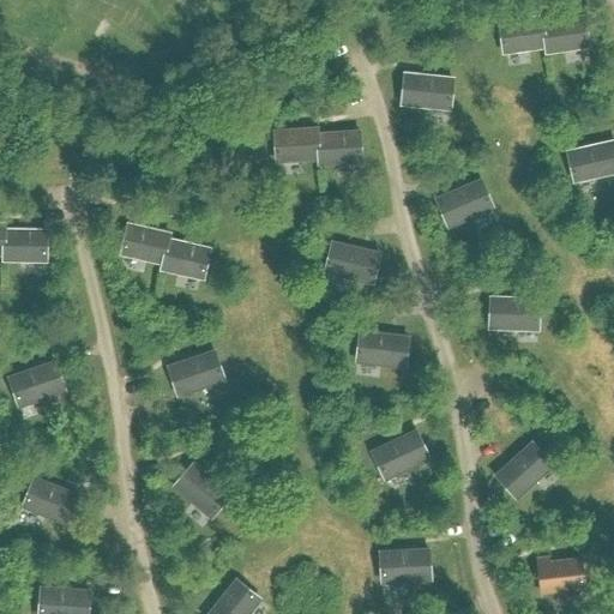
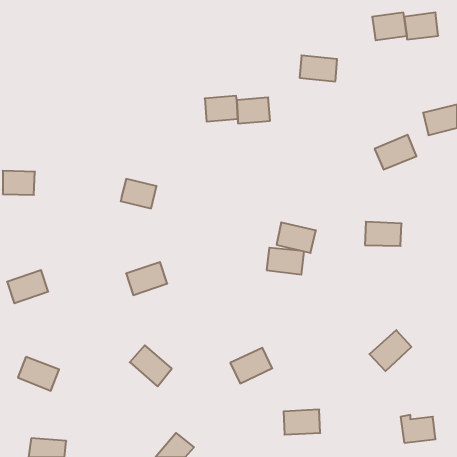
building: [437,180,493,227] -> [375,135,417,170]
building: [122,224,170,264] -> none
building: [326,242,379,283] -> [277,222,316,253]
building: [373,431,429,478] -> [230,348,272,383]

